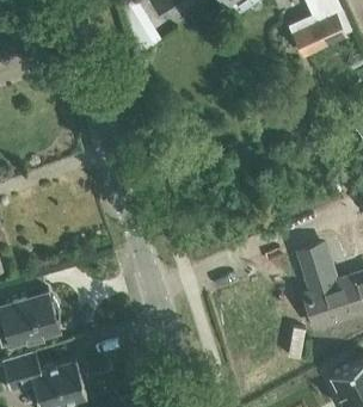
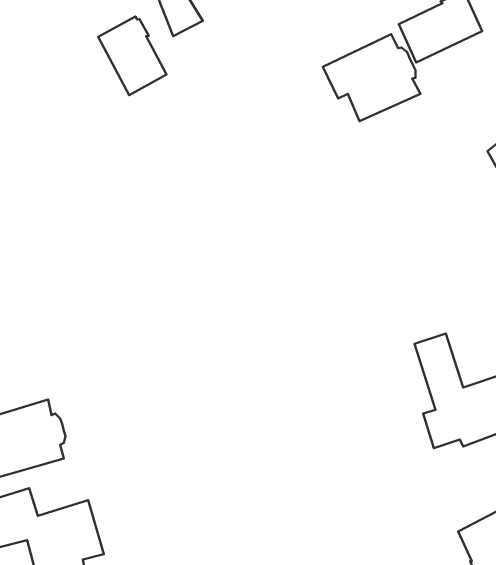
building: none -> [98,16,166,95]
building: none -> [323,34,420,121]

